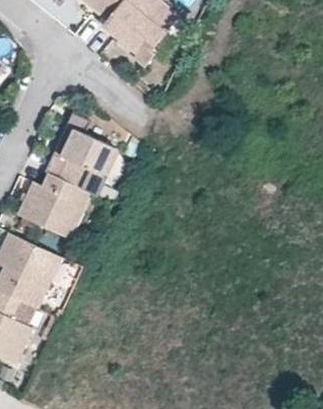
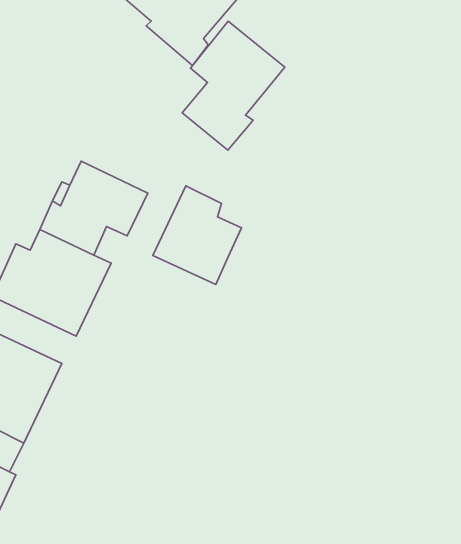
building: none -> [182,21,285,150]
building: none -> [153,186,241,284]

